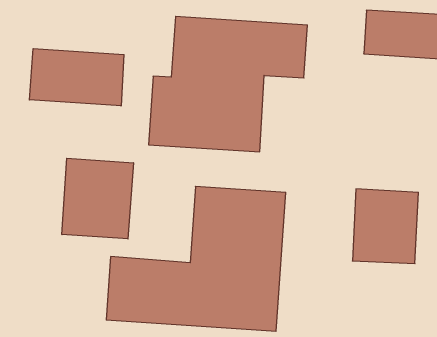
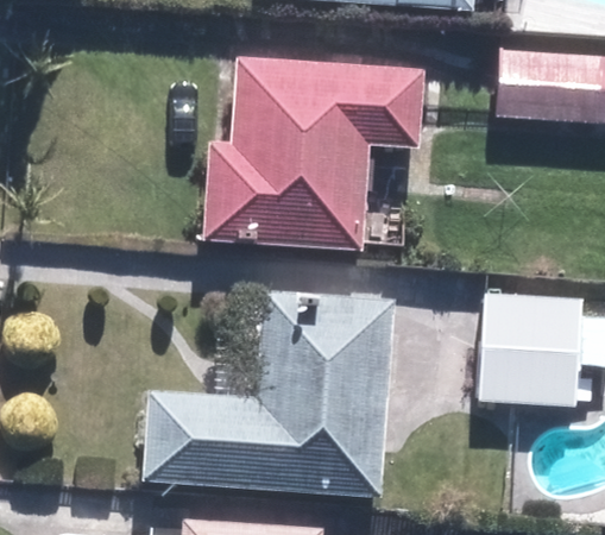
building: [29,49,124,106] -> none
building: [62,158,133,239] -> none

